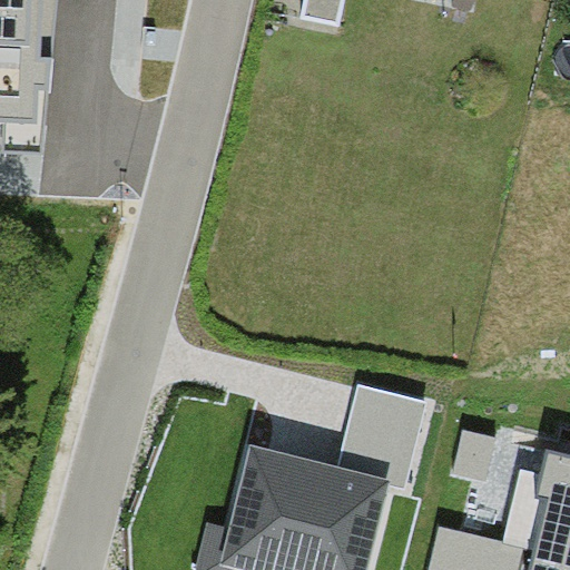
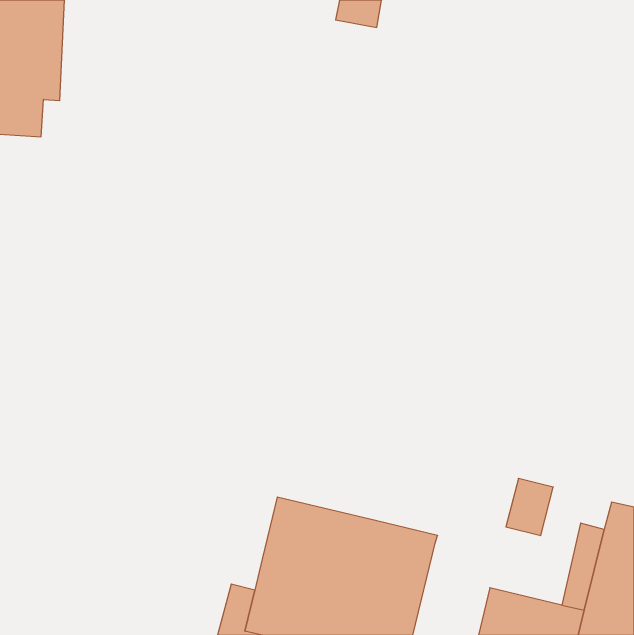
building: [337,384,426,490] -> none

